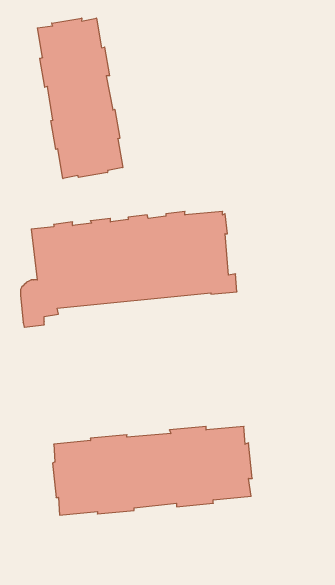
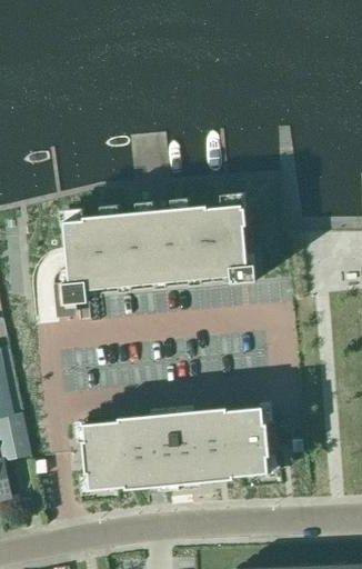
building: [37,18,123,179] -> none

